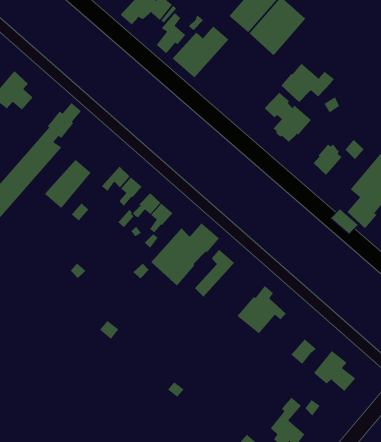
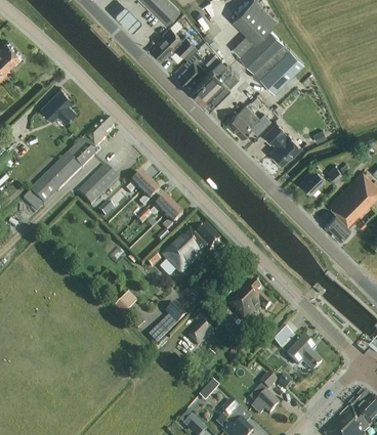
building: [280,63,335,103] -> [225,104,270,137]
building: [194,249,235,297] -> [148,304,182,343]
building: none -> [185,318,213,346]

